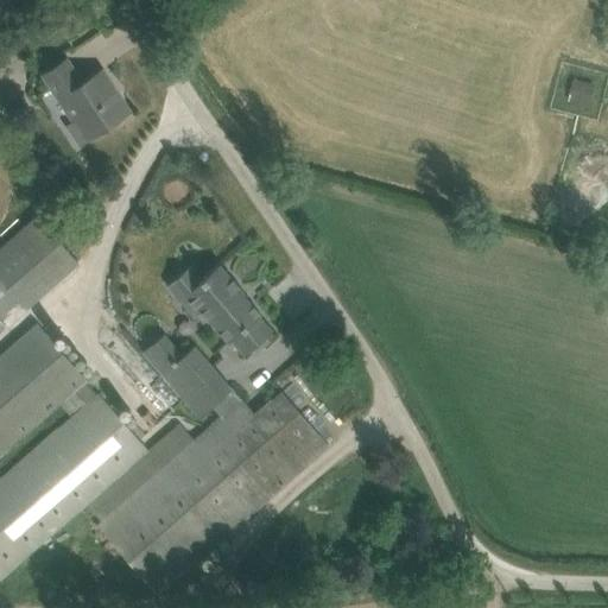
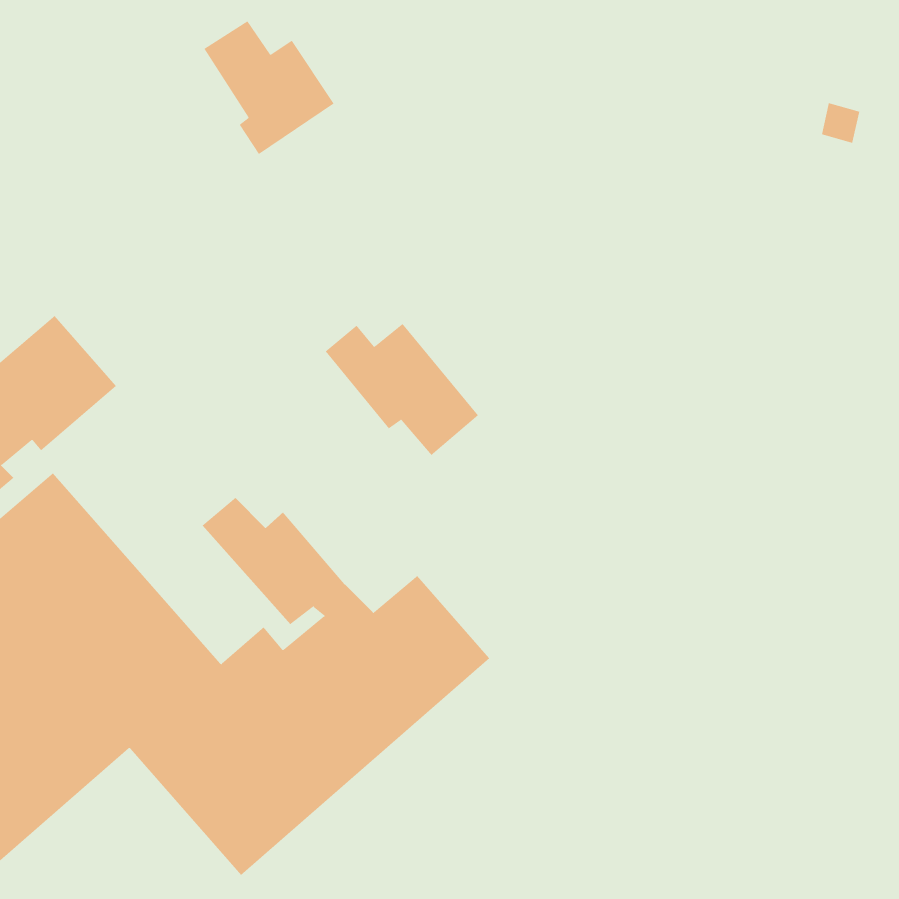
building: [42,56,129,146] -> [204,20,335,155]
building: [167,265,271,354] -> [325,323,479,456]

